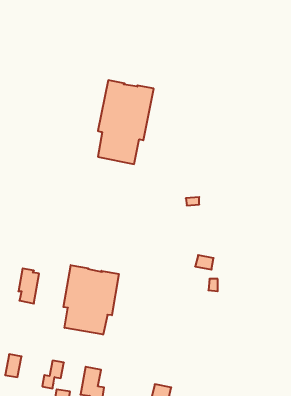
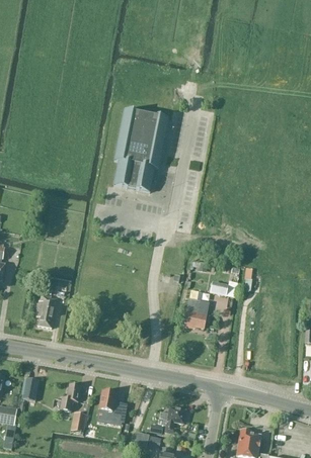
building: [63,265,119,335] -> none
building: none -> [183,298,209,327]

